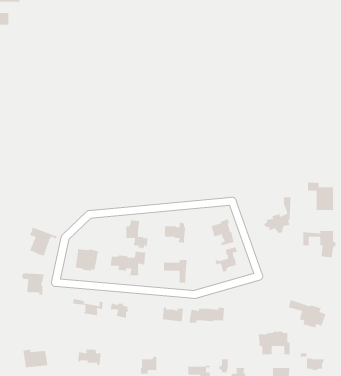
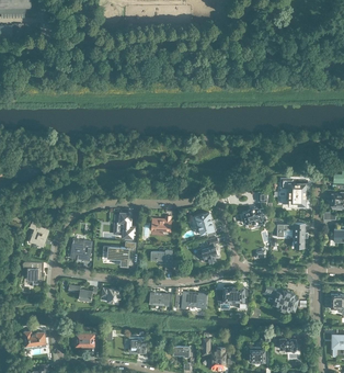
building: [258,331,291,355] -> [216,287,245,309]

